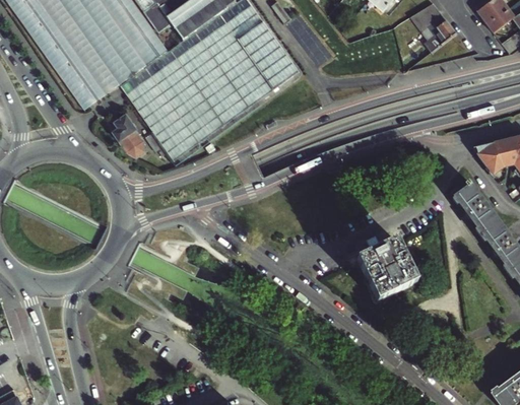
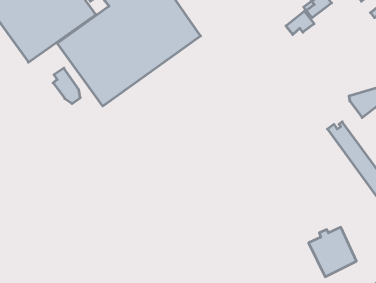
building: none -> [286,11,314,35]
building: [359,241,417,301] -> [309,227,356,277]

